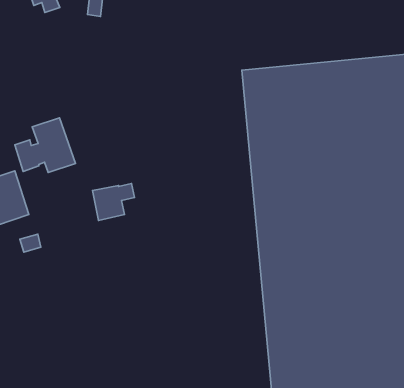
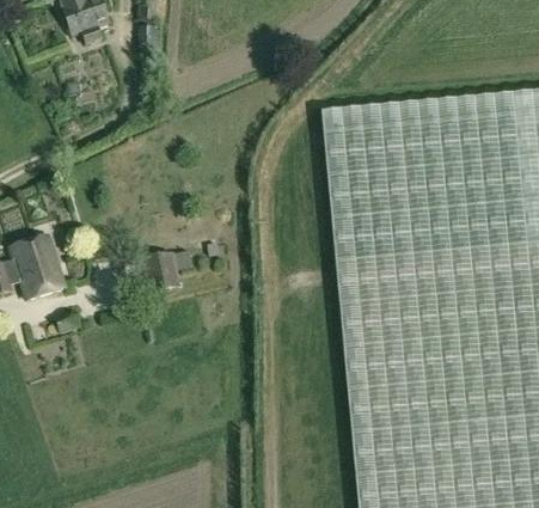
building: [15,118,75,173] -> none

